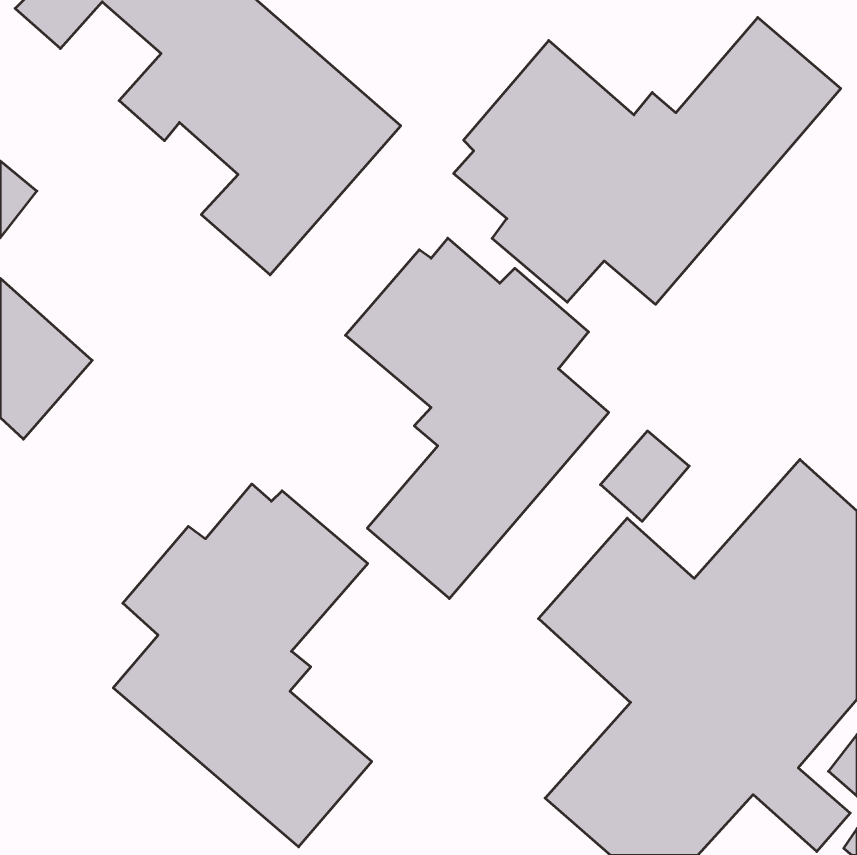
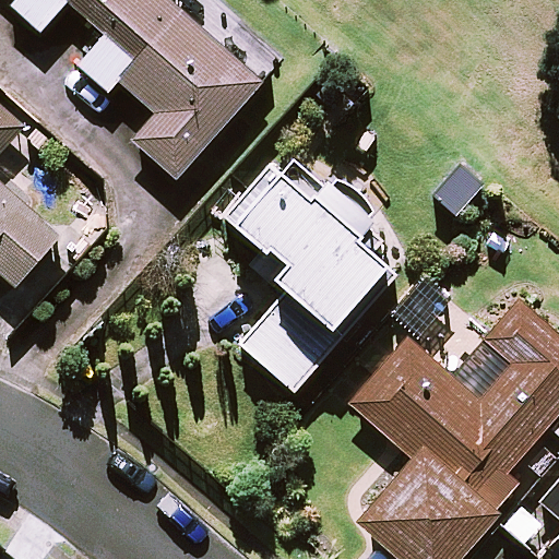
building: [454,17,841,304] -> none
building: [113,484,372,847] -> none

